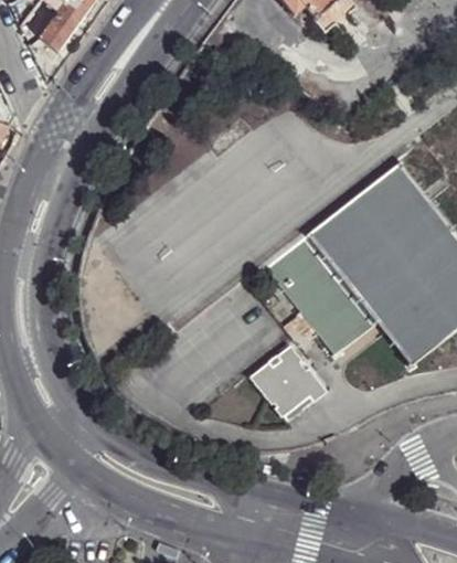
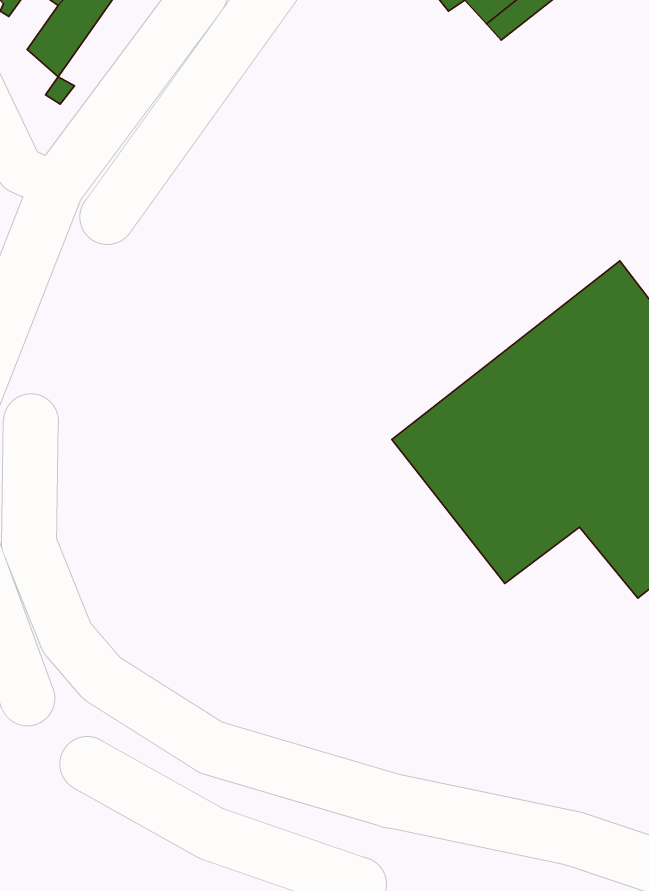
building: [247,348,319,422] -> none

